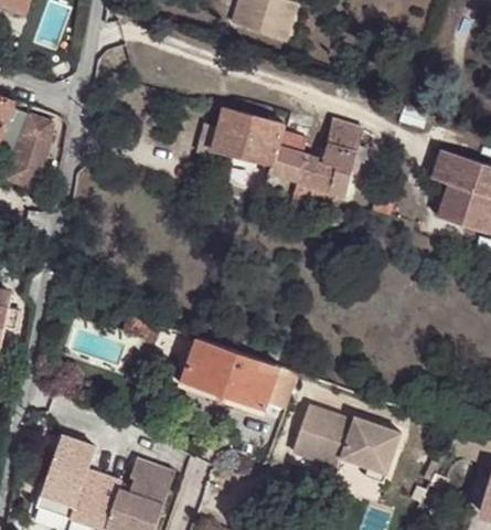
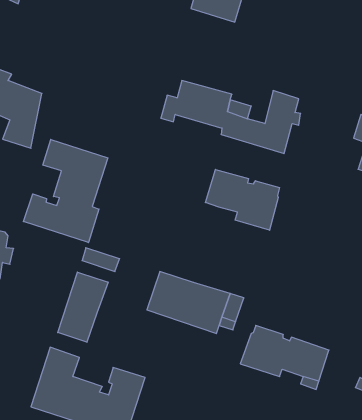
building: none -> [23,139,108,243]
building: none -> [205,169,280,230]
building: none -> [58,272,108,342]

